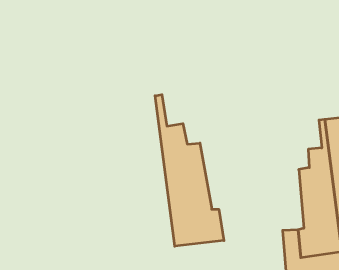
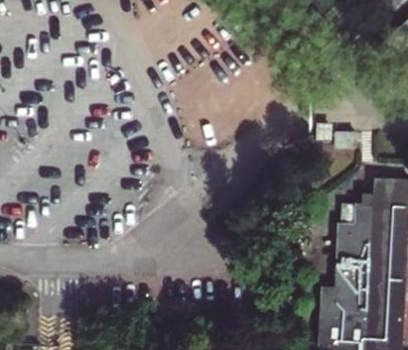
building: [155,95,224,246] -> none

